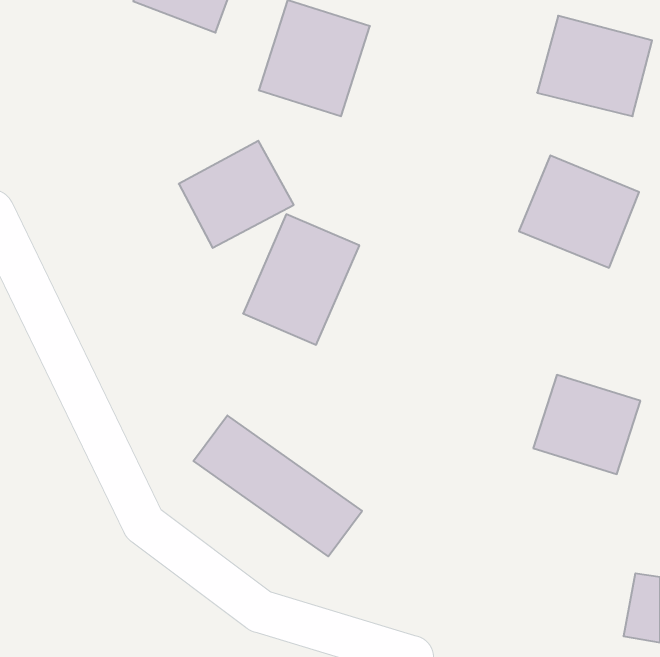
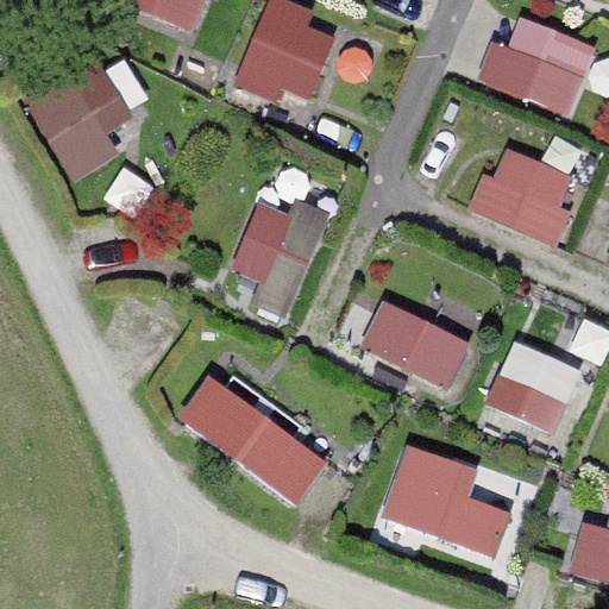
building: [179,141,294,248] -> [33,74,138,171]
building: none -> [359,297,473,391]
building: none -> [378,440,513,557]

